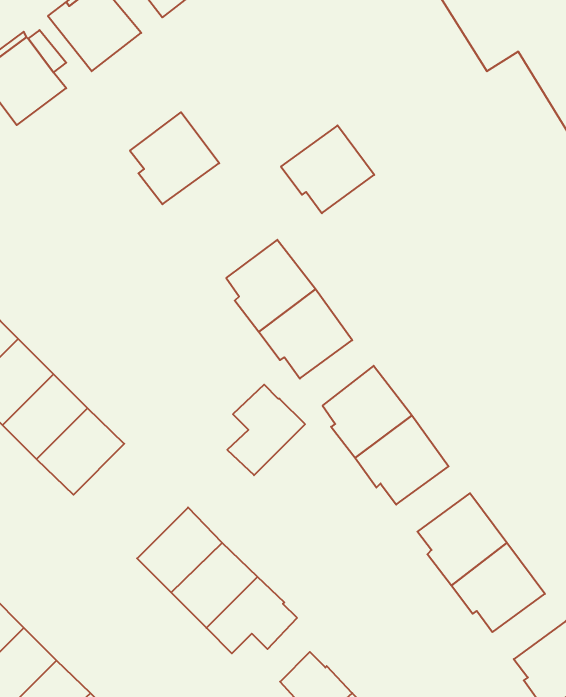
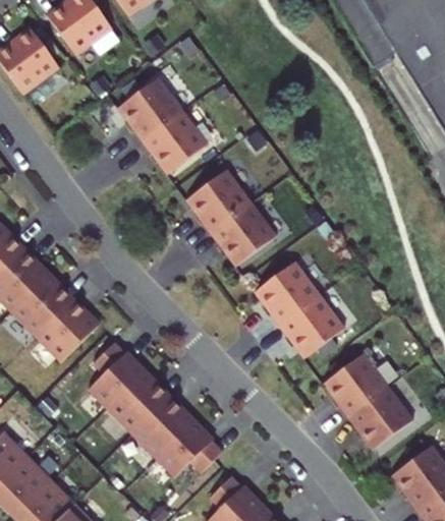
building: [281,125,374,213] -> [131,121,199,184]
building: [227,385,305,475] -> [94,340,150,405]

